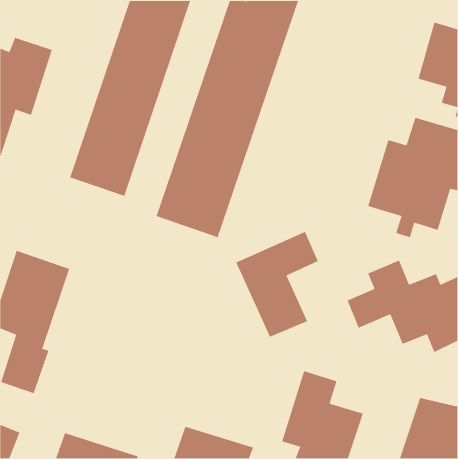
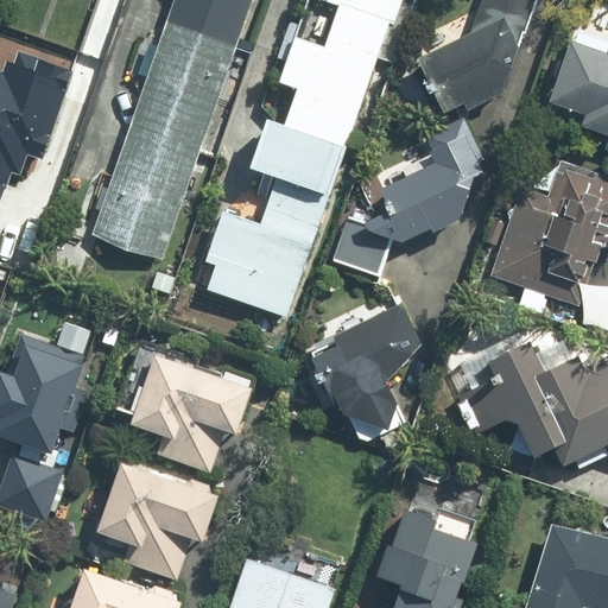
building: none -> [338,19,521,280]
building: none -> [129,343,258,477]
building: none -> [93,458,221,593]

